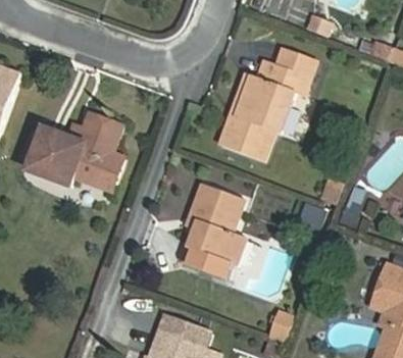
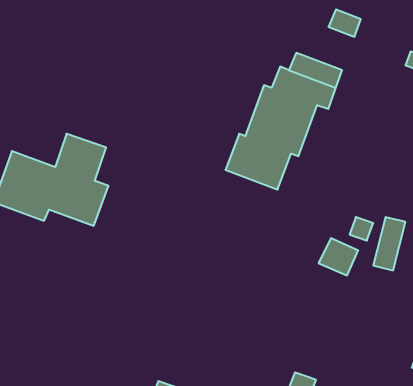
building: [182,183,246,274] -> none

